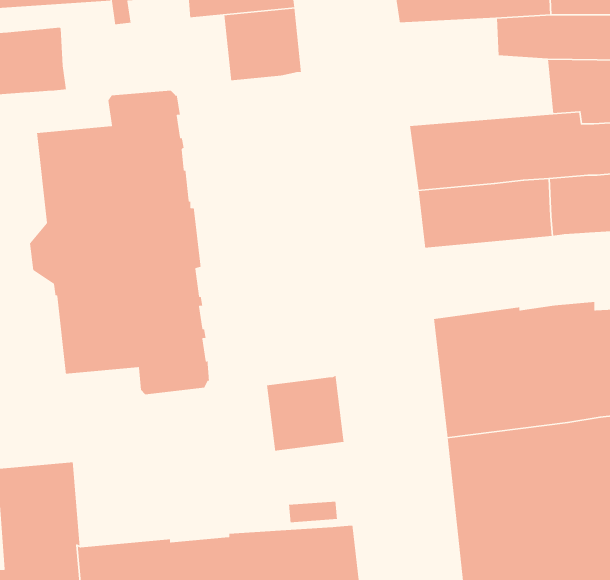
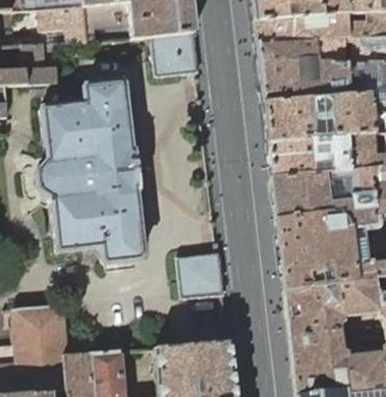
building: none -> [258,39,349,103]
building: none -> [273,167,375,218]

